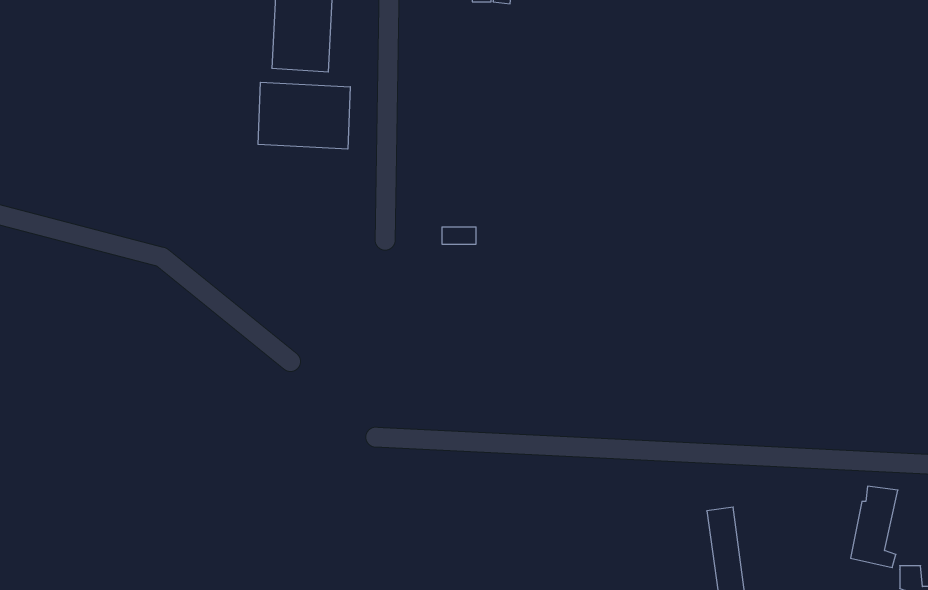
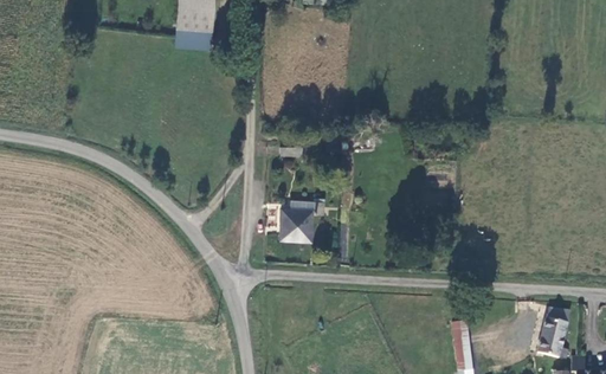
building: [258,82,350,149] -> none
building: none -> [283,198,324,243]

